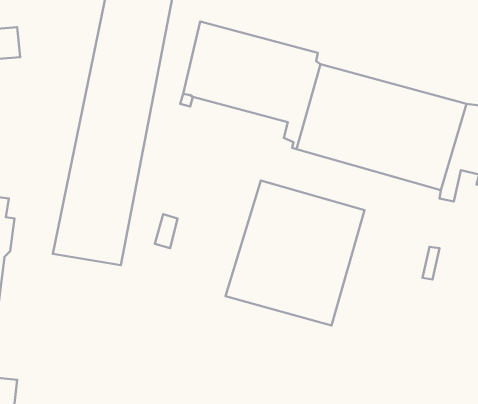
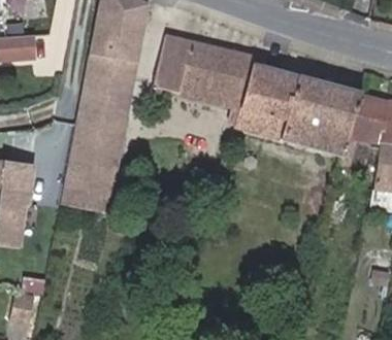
building: [226,181,364,326] -> none

